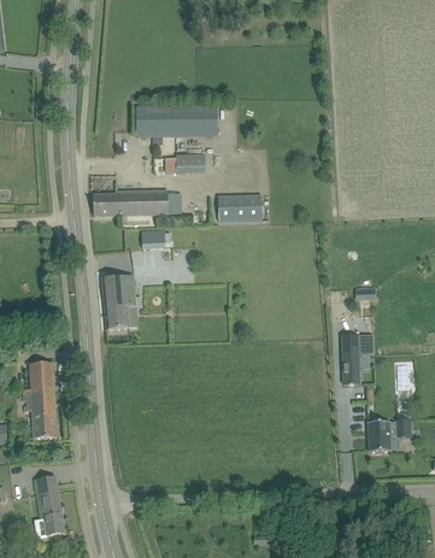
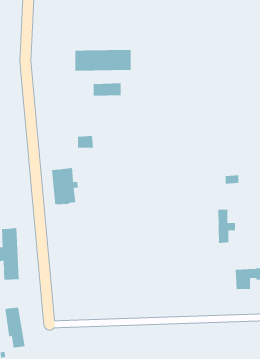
building: [94,190,182,216] -> none
building: [218,194,263,221] -> none

